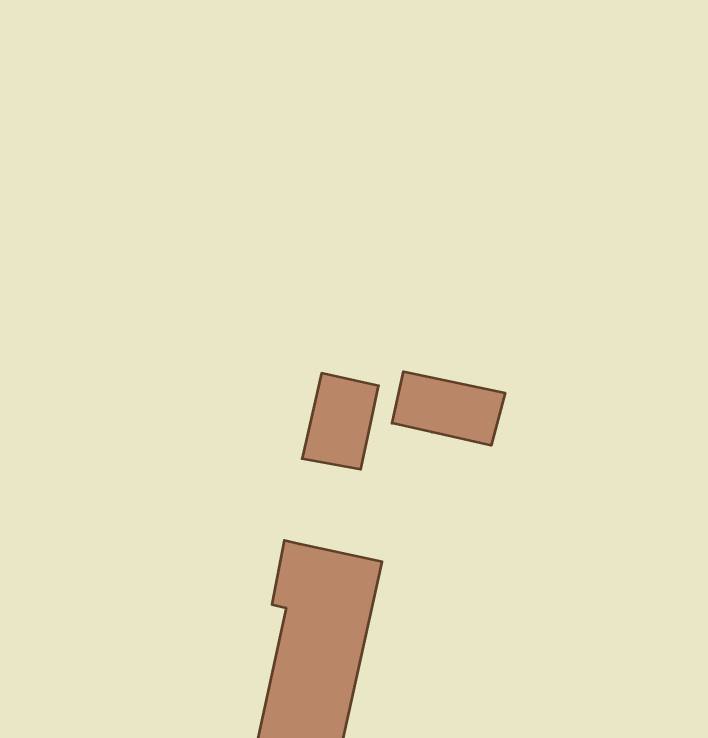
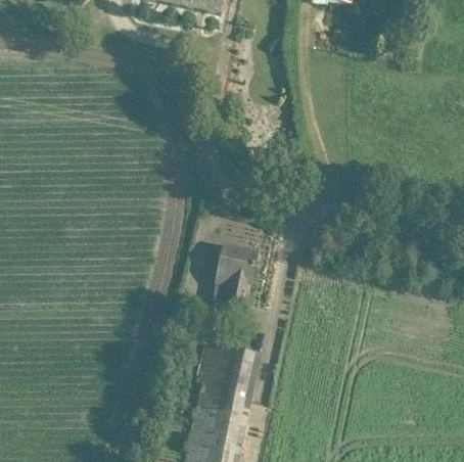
building: [392,372,505,445] -> none

